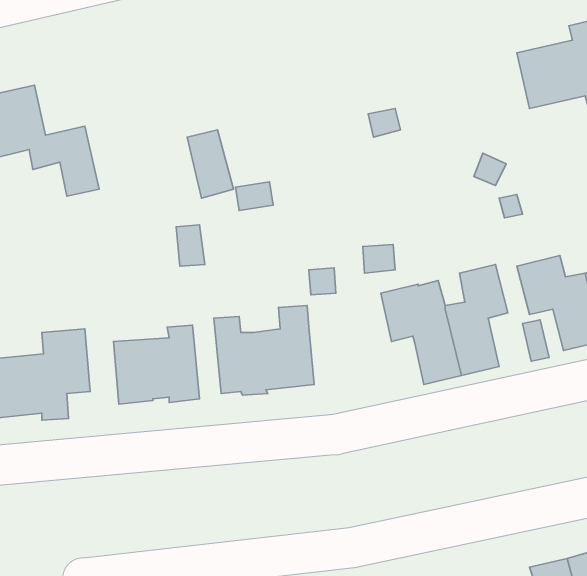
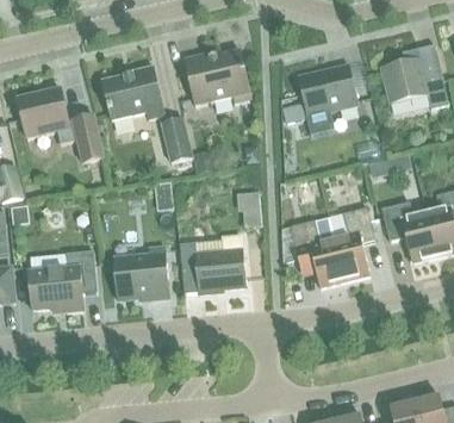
building: none -> [184,49,253,104]
building: none -> [297,63,357,132]
building: none -> [102,64,166,119]

